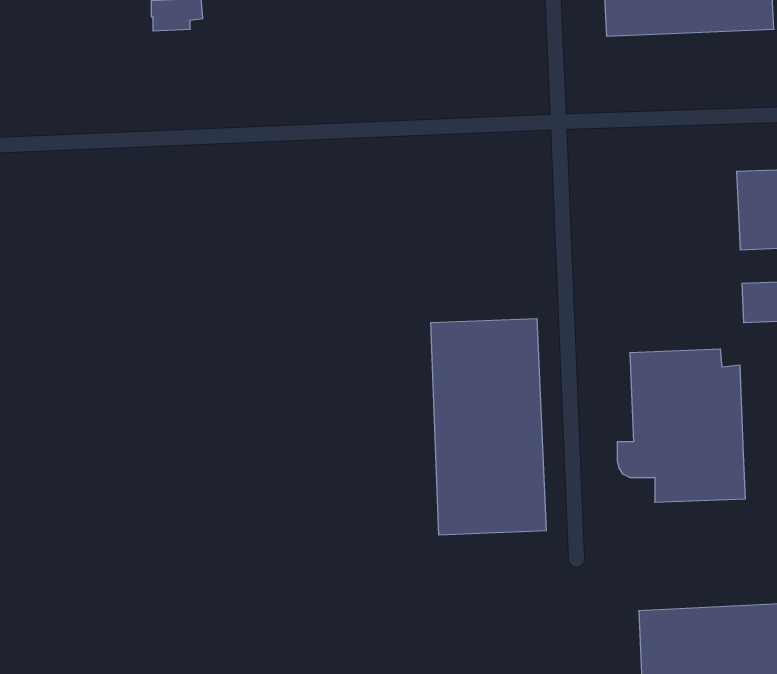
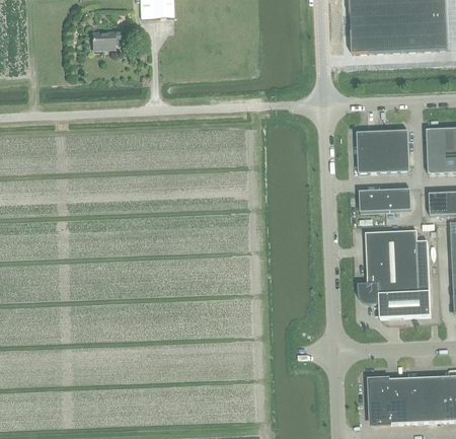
building: none -> [357,130,409,173]
building: none -> [359,189,411,211]
building: [431,319,546,535] -> none

